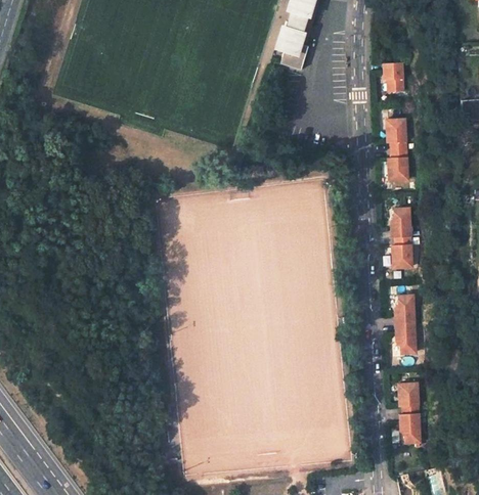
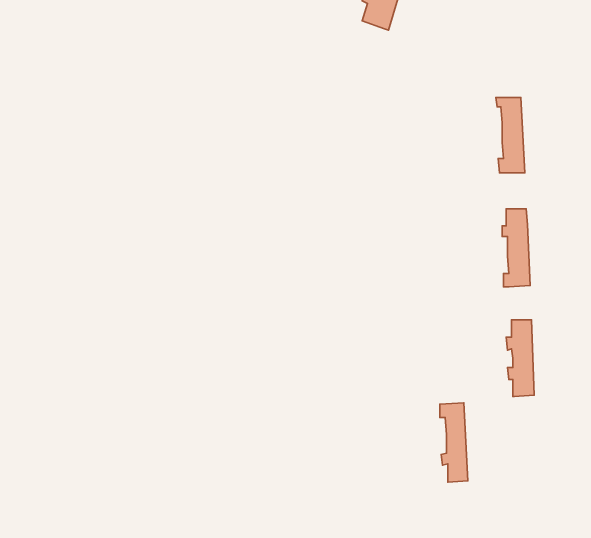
building: [382,62,403,92] -> none
building: [397,382,419,444] -> [440,403,468,482]

